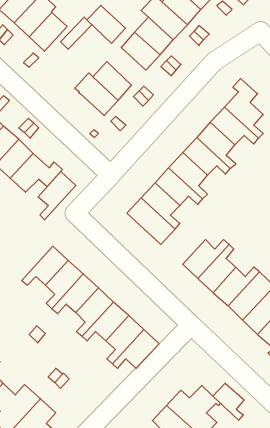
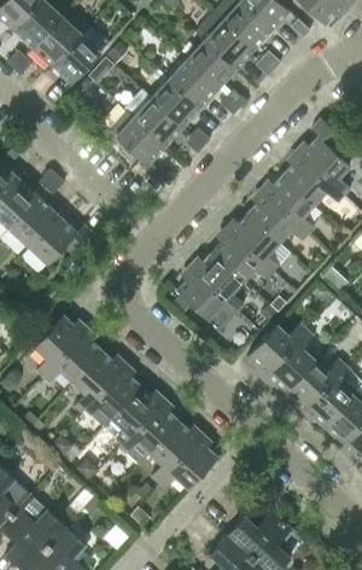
building: [87,5,126,43] -> [151,78,200,127]
building: [38,171,76,220] -> [34,314,82,376]
building: [213,383,244,420] -> none

